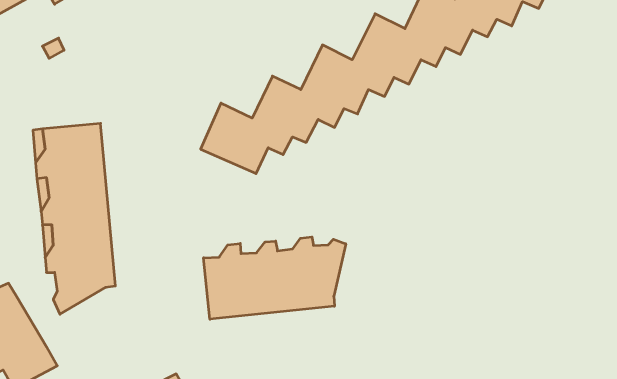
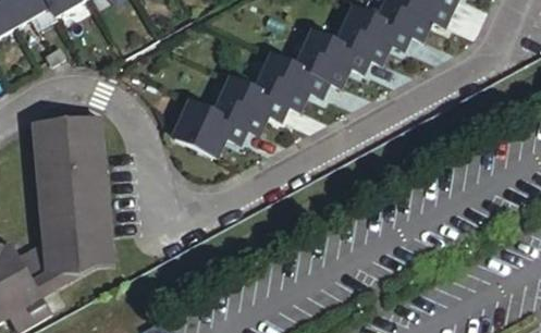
building: none -> [23,115,118,296]
building: [204,237,346,319] -> none

